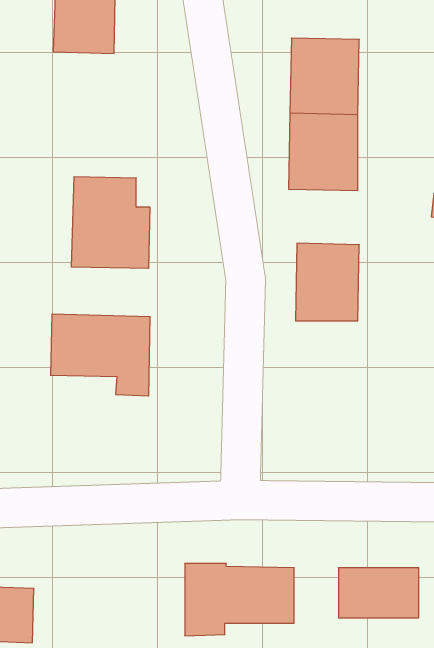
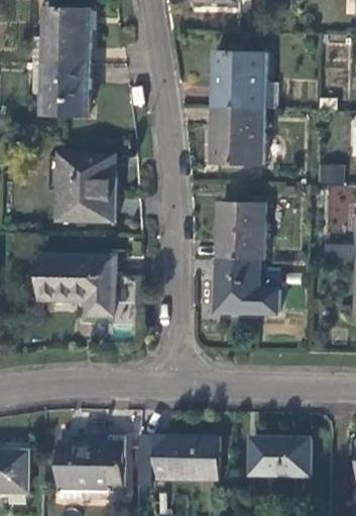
building: none -> [41,63,87,115]
building: none -> [218,259,279,312]
building: none -> [56,436,123,487]

